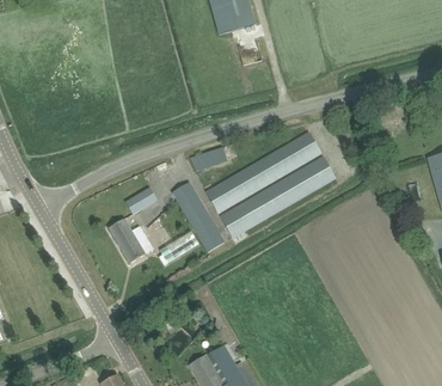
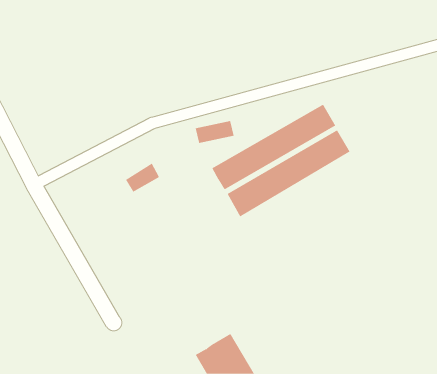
building: [172,183,225,251] -> none
building: [110,219,151,264] -> none

